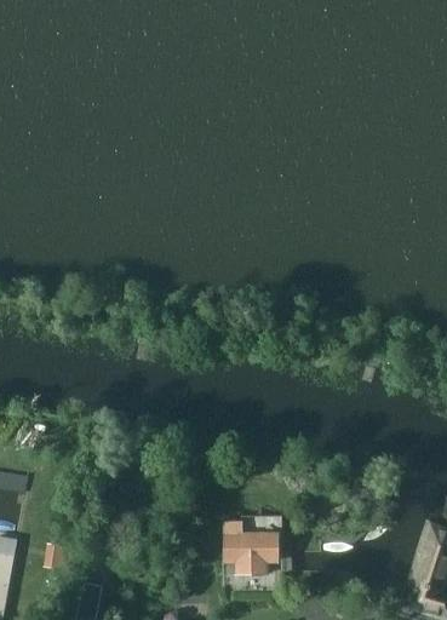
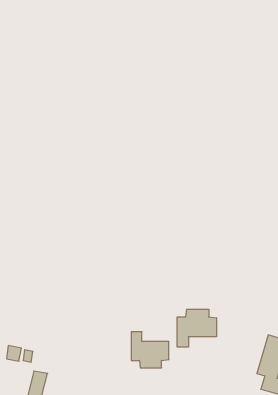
building: none -> [177,309,216,347]

